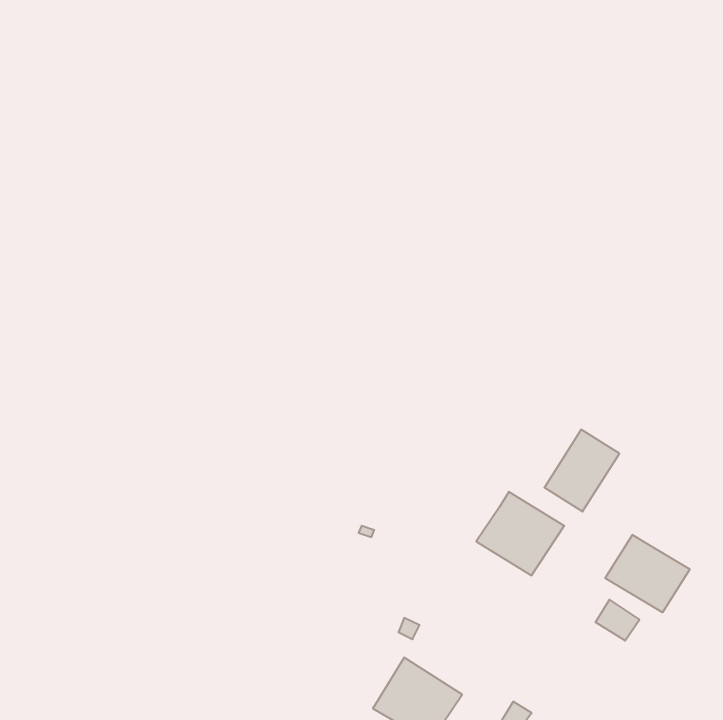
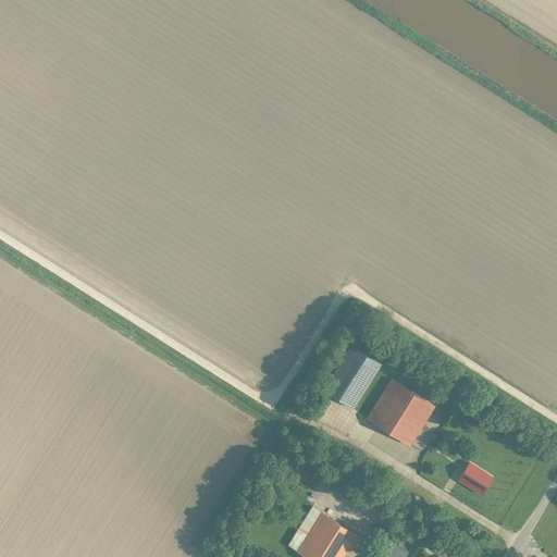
building: [544,429,619,512] -> [323,346,381,409]
building: [605,535,690,612] -> none

